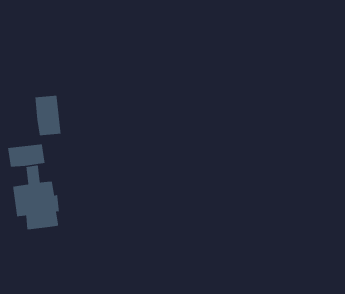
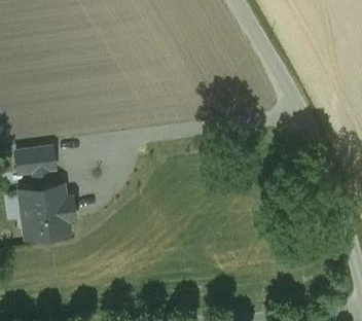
building: [35,95,62,136] -> none

